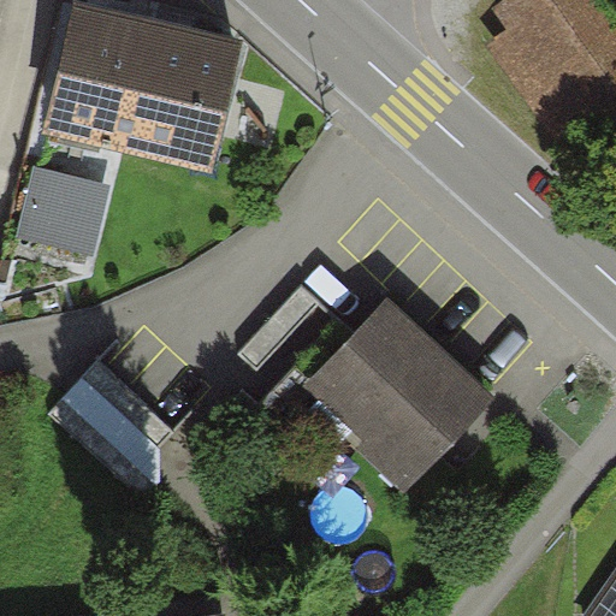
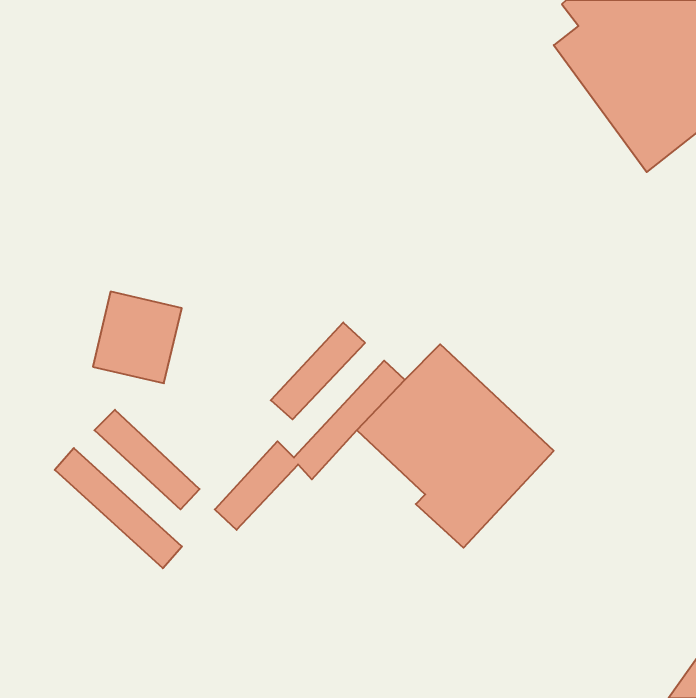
building: [55,6,238,155] -> none
building: [28,168,106,249] -> [93,292,182,383]

